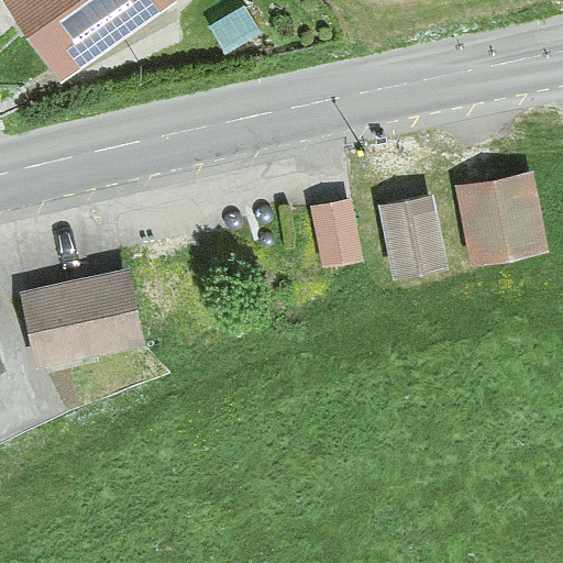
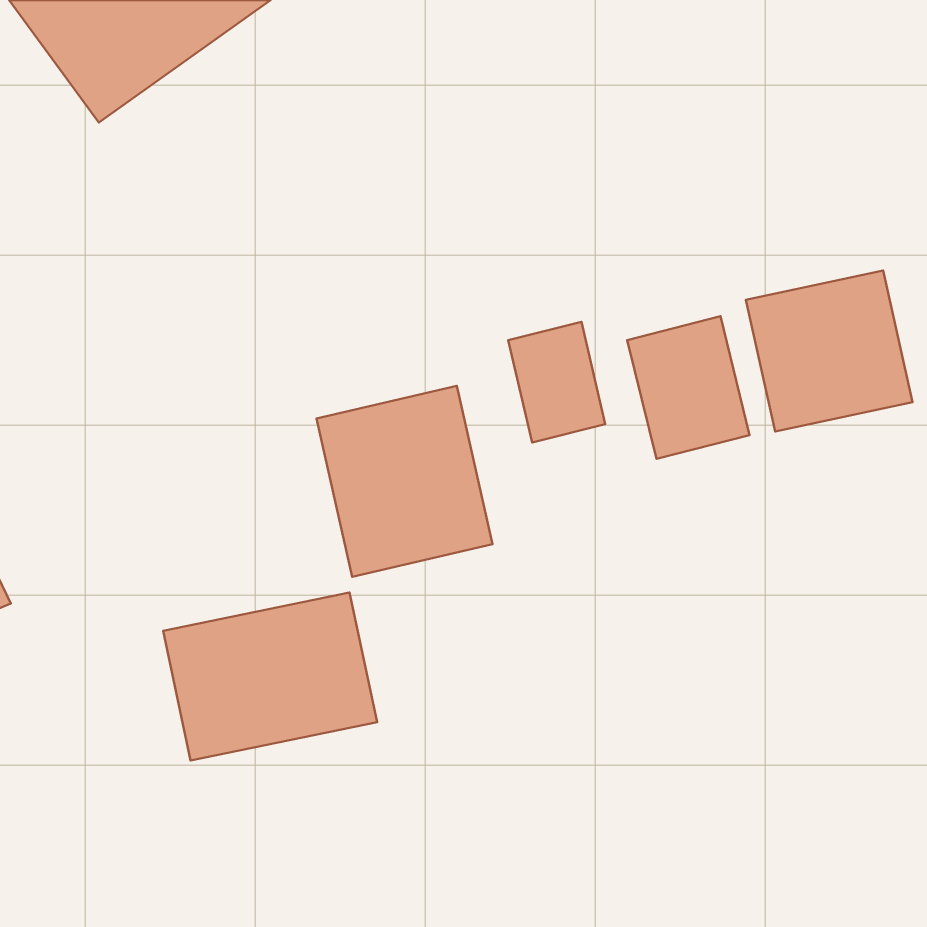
building: none -> [317,386,492,577]
building: [18,267,146,368] -> [163,592,377,761]

